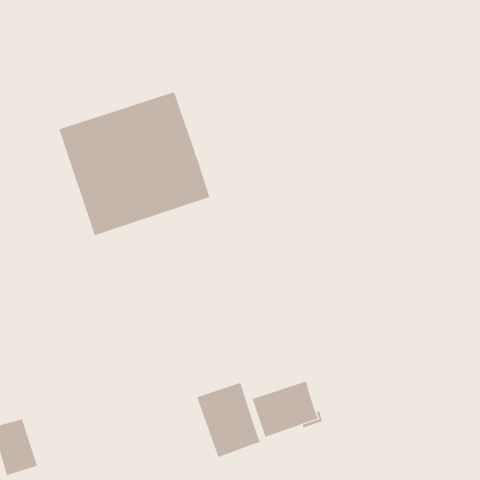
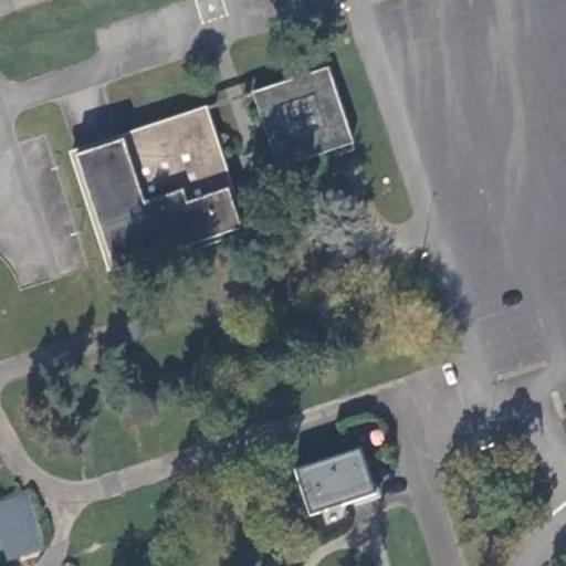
building: none -> [253,66,352,165]
building: [197,382,261,458] -> none

